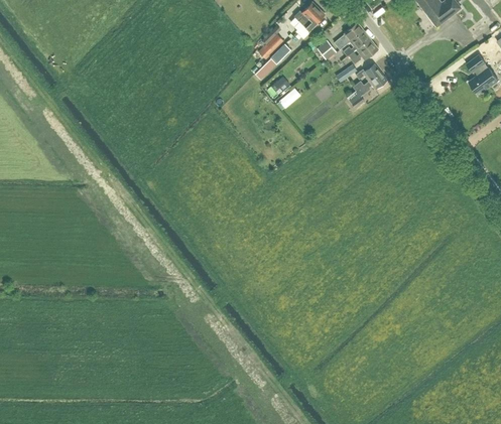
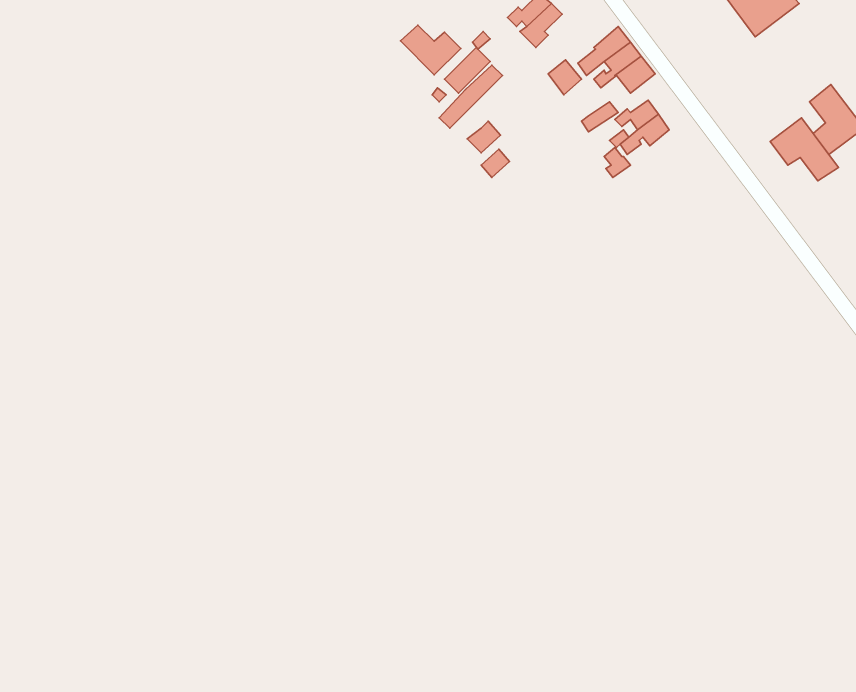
building: none -> [400,25,461,75]
building: none -> [770,118,838,181]

